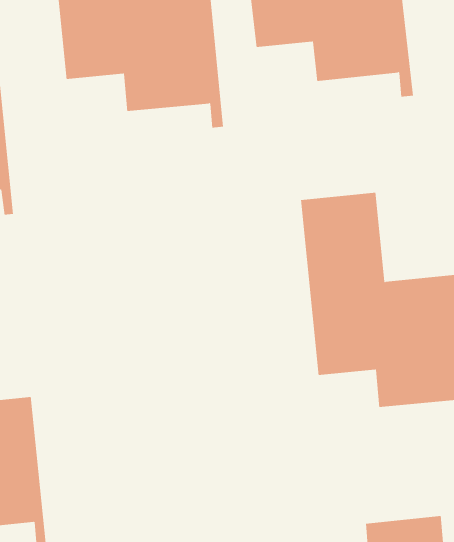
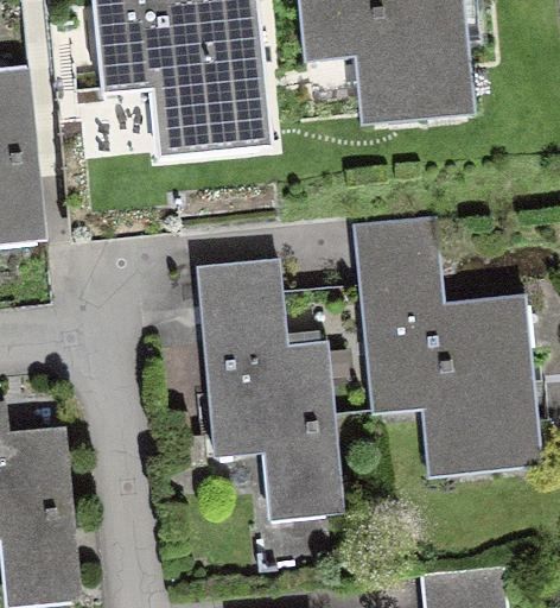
building: none -> [196,261,343,514]

